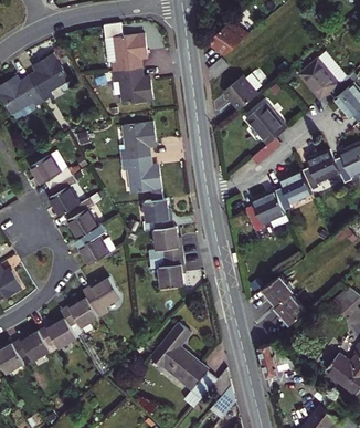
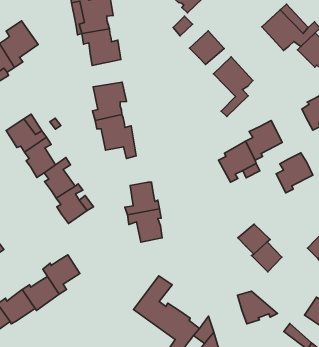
building: [301,150,339,190] -> [276,153,313,193]
building: [142,199,172,231] -> none
building: [82,278,119,316] -> none

